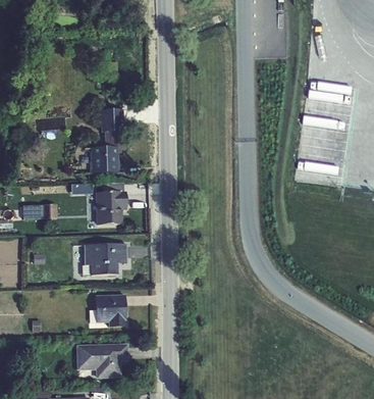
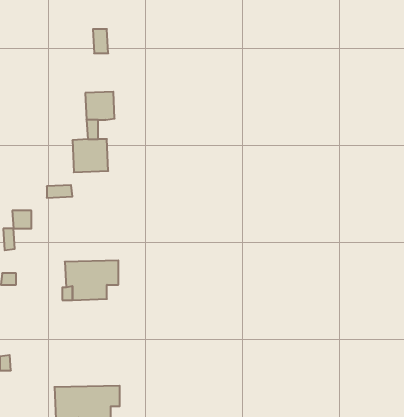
building: [95,191,126,223] -> none
building: [95,294,125,326] -> none

